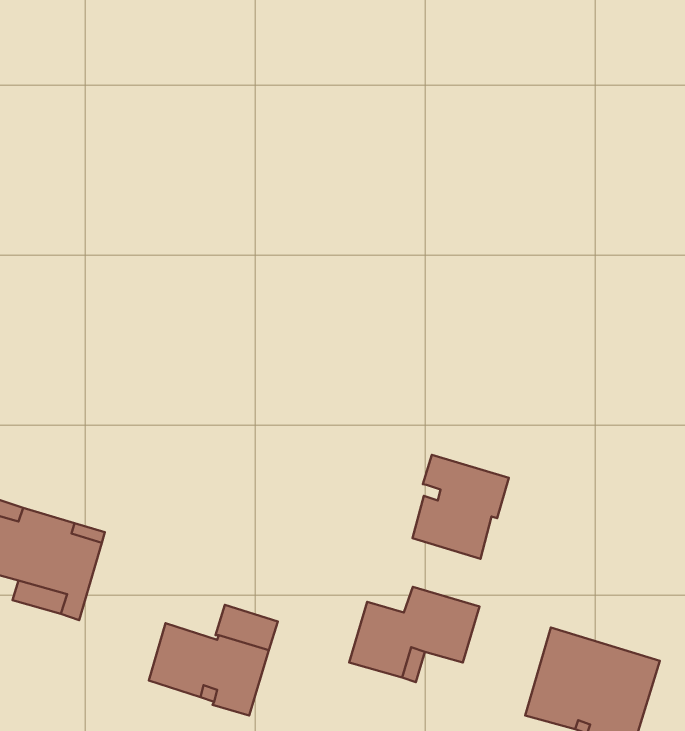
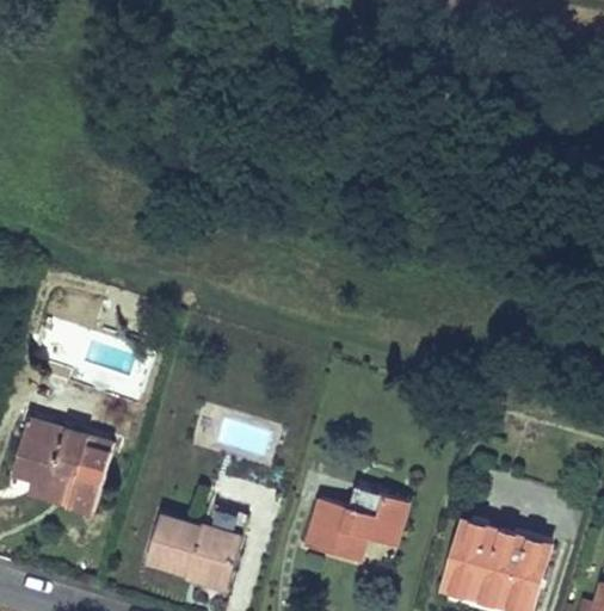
building: [413,455,509,559] -> none

